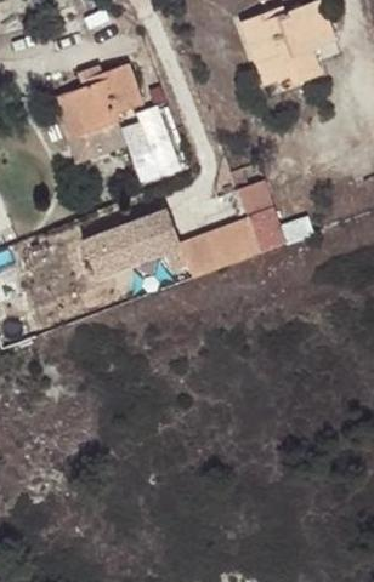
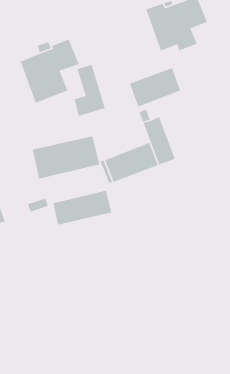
building: none -> [129,67,181,108]
building: none -> [52,190,112,225]

